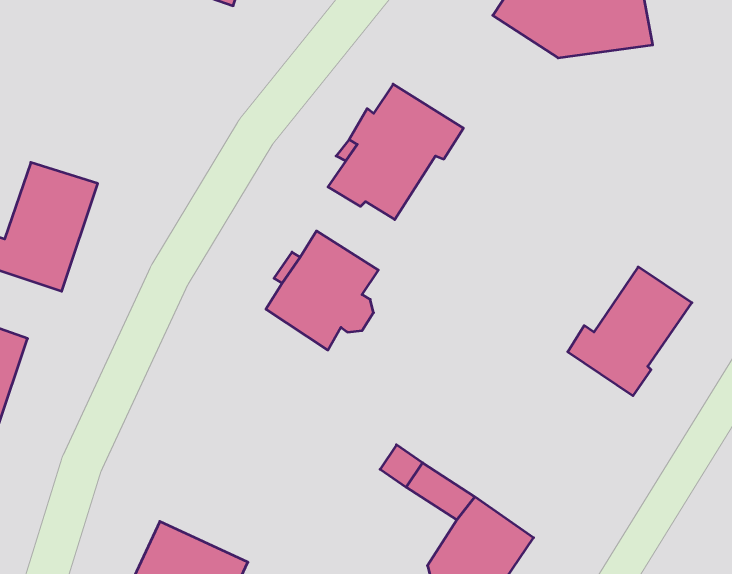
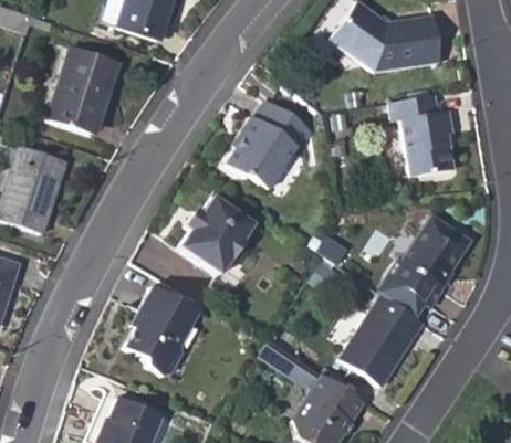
building: none -> [48,48,118,136]
building: none -> [387,95,453,175]
building: none -> [124,286,200,377]
building: none -> [337,292,421,382]

